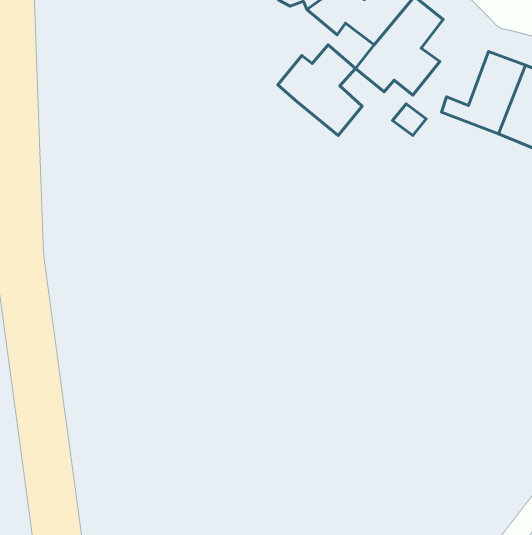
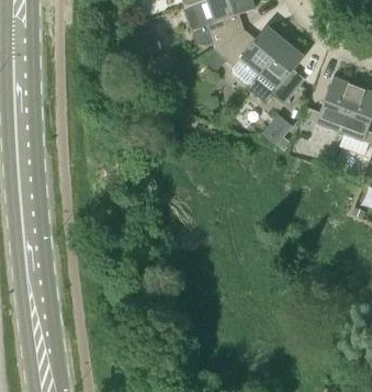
building: [278,45,362,135] -> none

